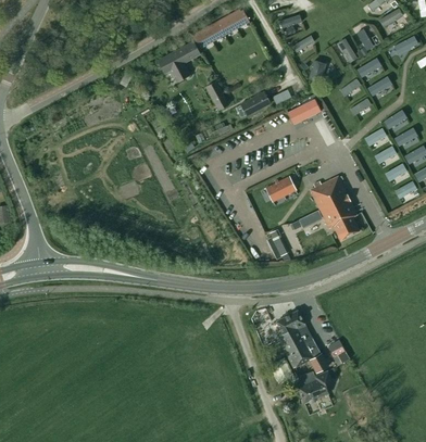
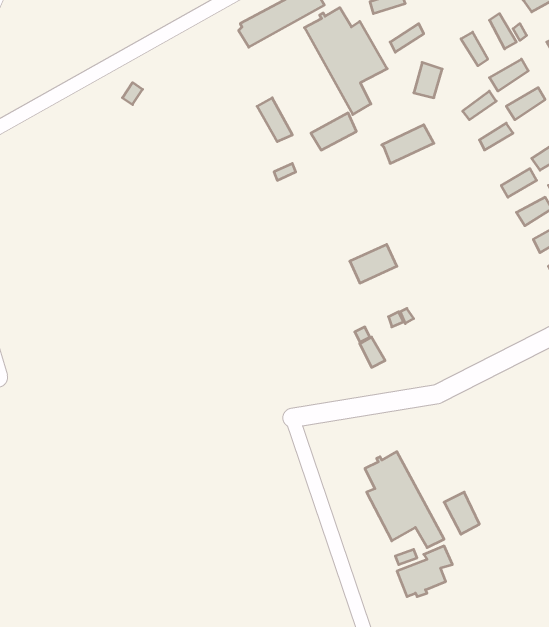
building: none -> [304,8,387,115]
building: [158,43,201,83] -> none
building: [310,177,359,241] -> none

